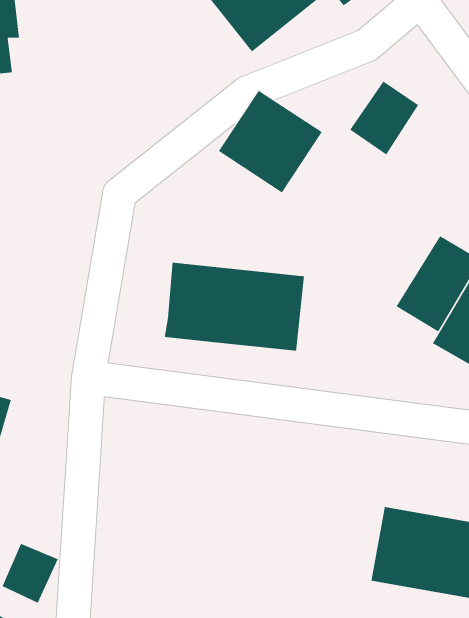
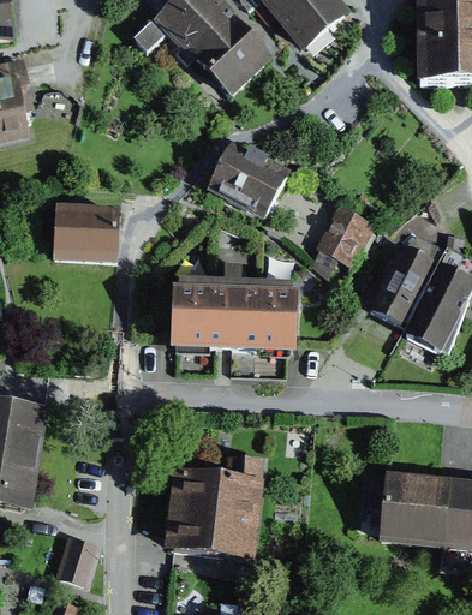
building: [349,80,419,156] -> [317,203,375,267]
building: none -> [47,203,119,259]
building: none -> [168,470,262,554]

